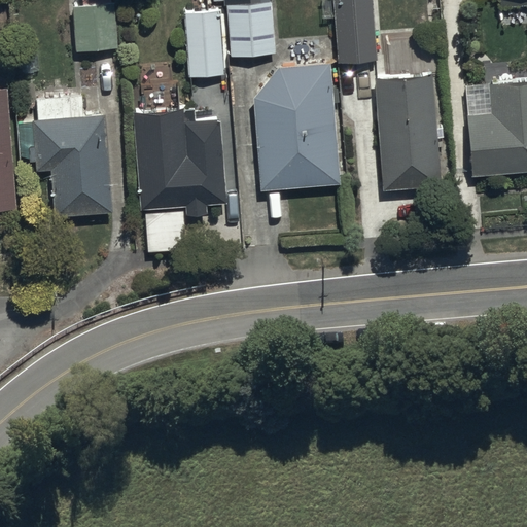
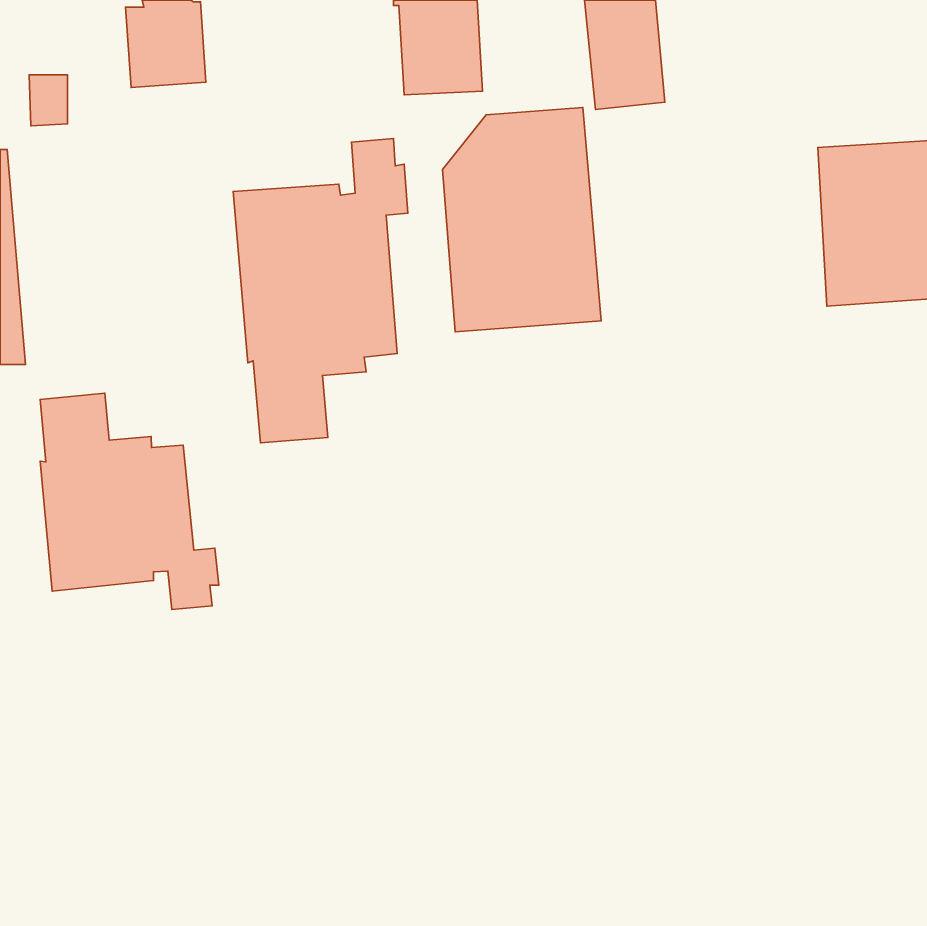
building: [186,11,224,78] -> none
building: [373,78,444,190] -> none
building: [17,96,114,219] -> none
building: none -> [40,393,219,610]

